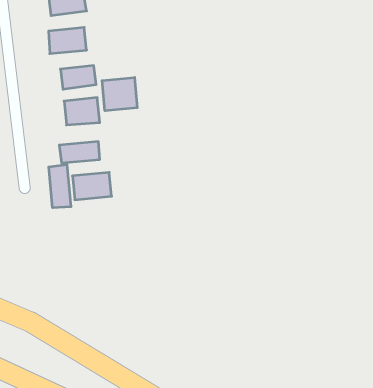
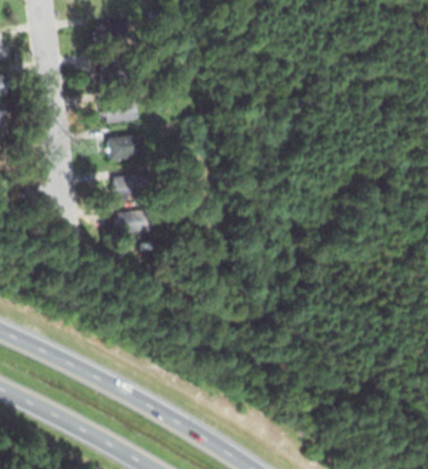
building: [102,77,137,111] -> none
building: [49,165,71,208] -> none

